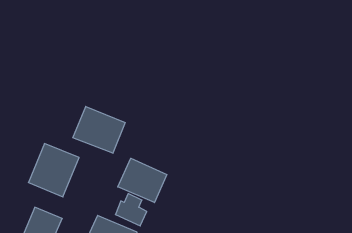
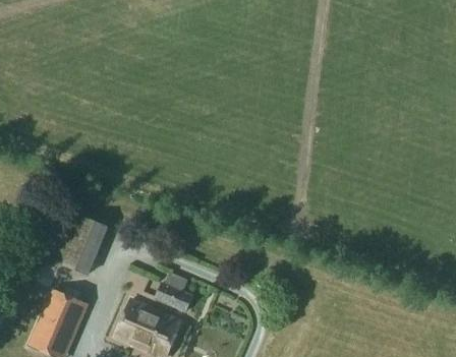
building: [73,106,125,153] -> none
building: [118,158,167,203] -> none

